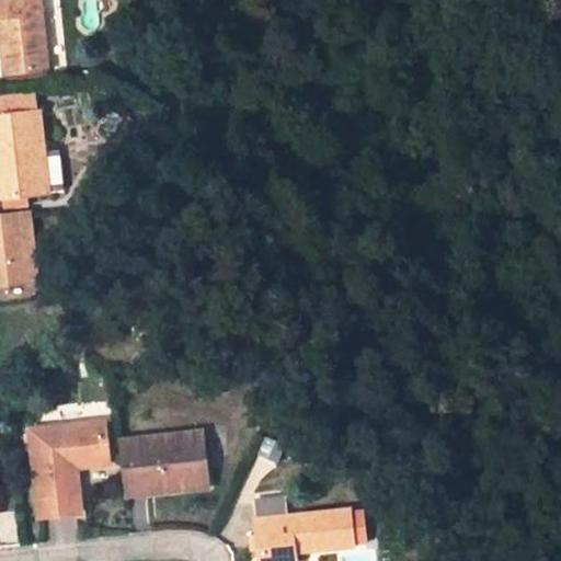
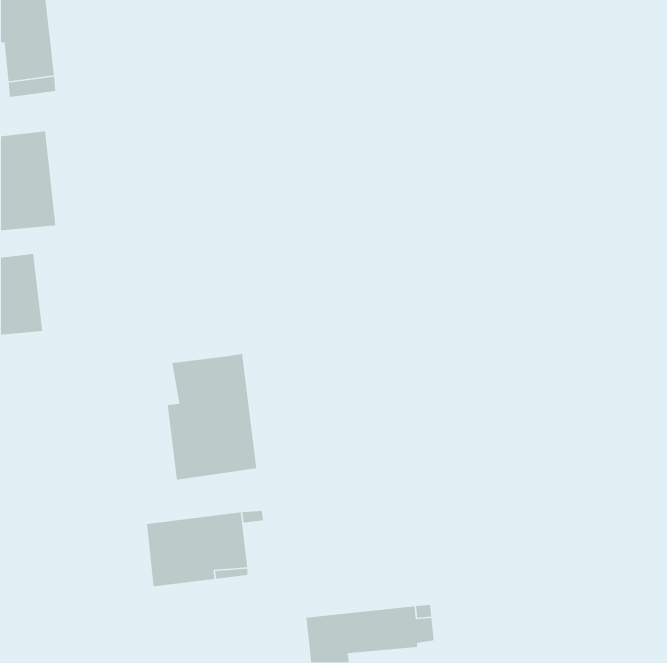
building: none -> [167,353,257,481]
building: [31,420,108,514] -> none

